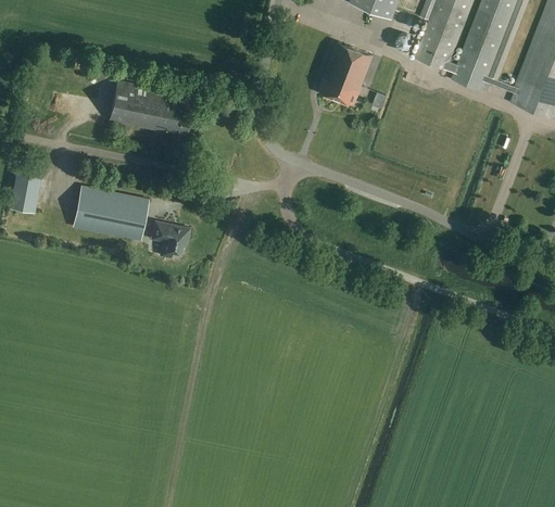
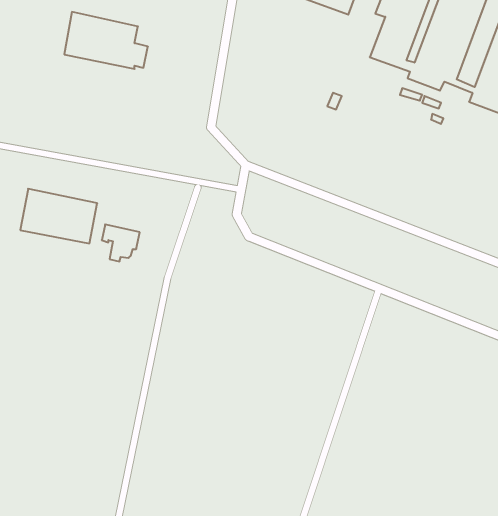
building: [319,41,373,104] -> none
building: [110,79,191,135] -> [64,12,148,69]

